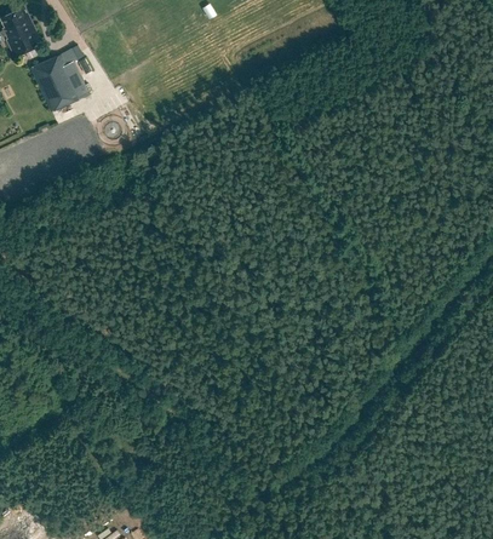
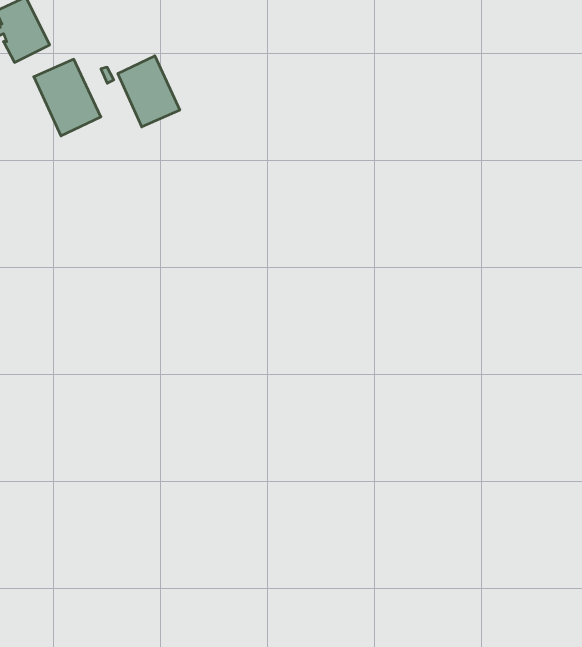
building: none -> [118,56,180,127]

